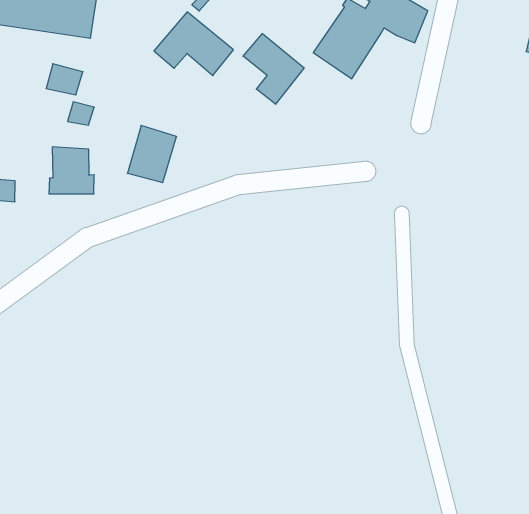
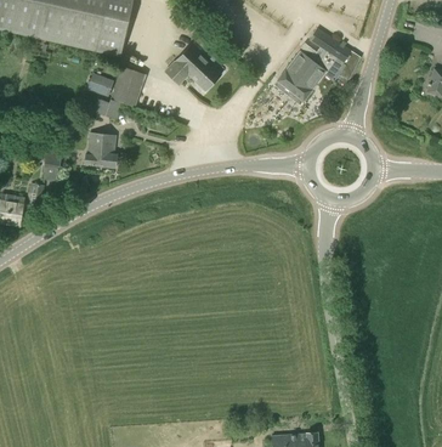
building: [243,34,304,104] -> none
building: [127,125,177,183] -> [109,64,146,106]

